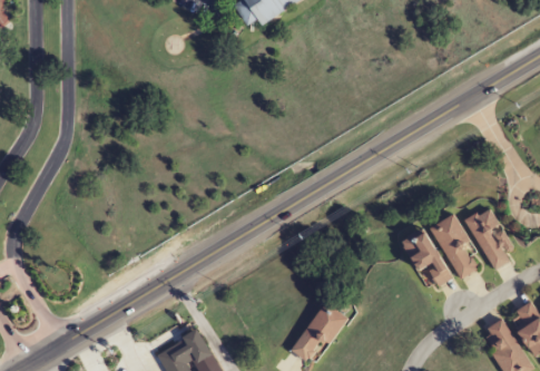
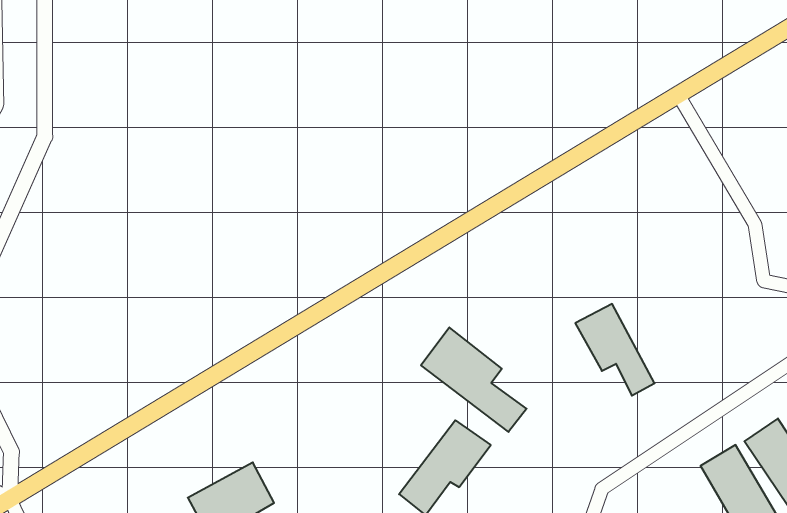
building: [465,207,513,271] -> none
building: [432,215,481,280] -> none
building: none -> [421,327,527,432]

